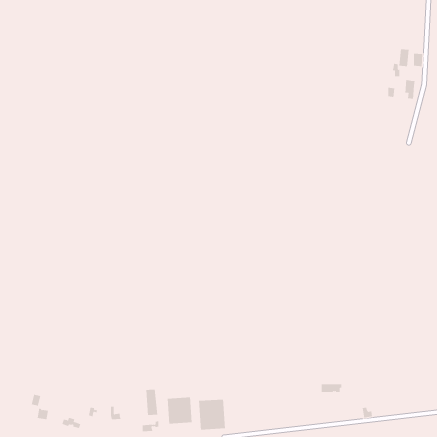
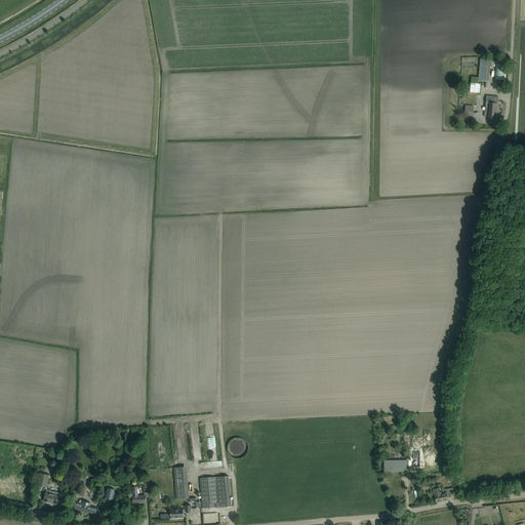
building: [198,399,225,431] -> none

